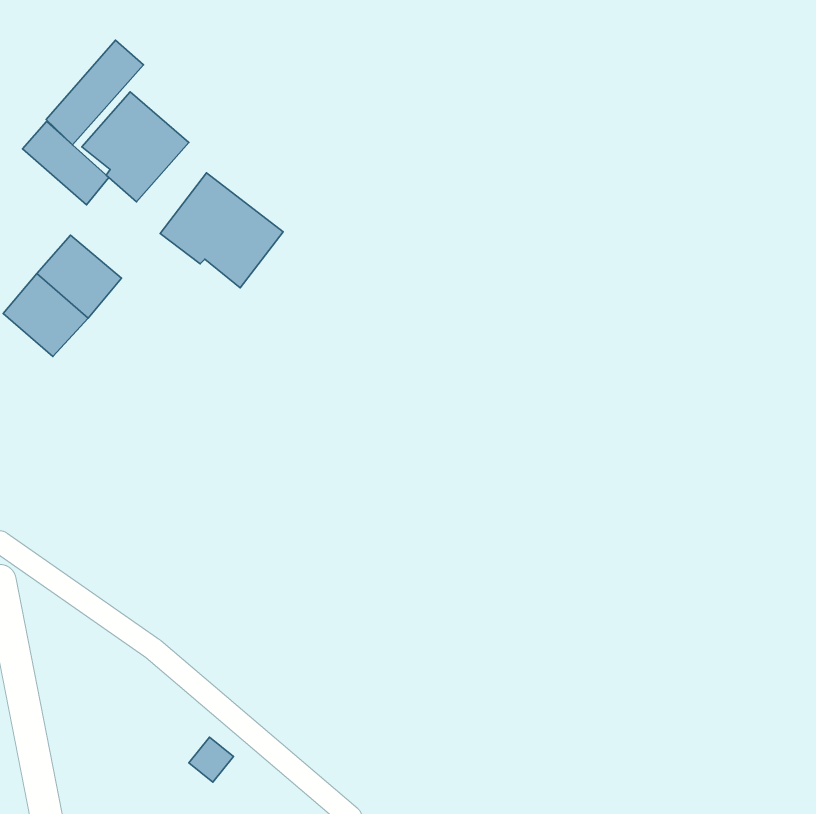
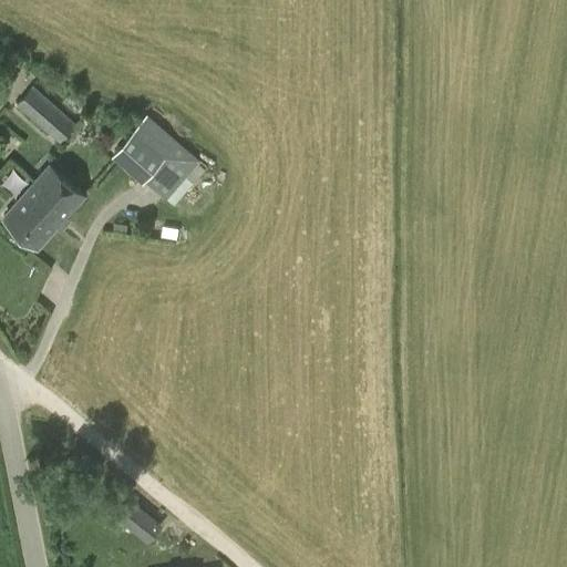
building: [46,40,144,145] -> none
building: [82,92,189,202] -> none

